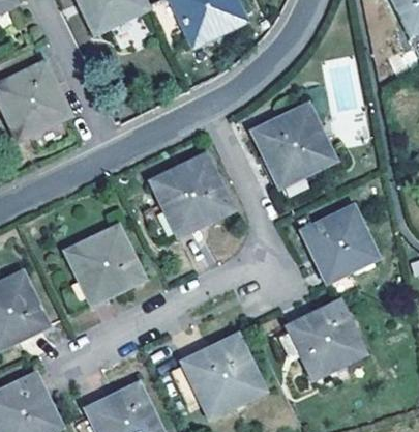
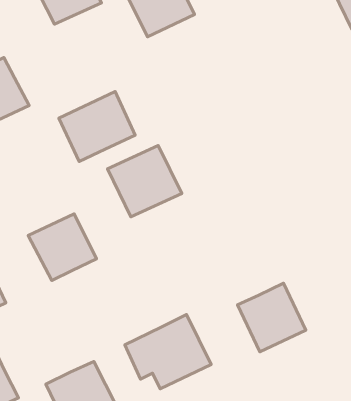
building: none -> [59,92,135,162]
building: [252,106,331,200] -> none
building: [302,206,376,280] -> none

